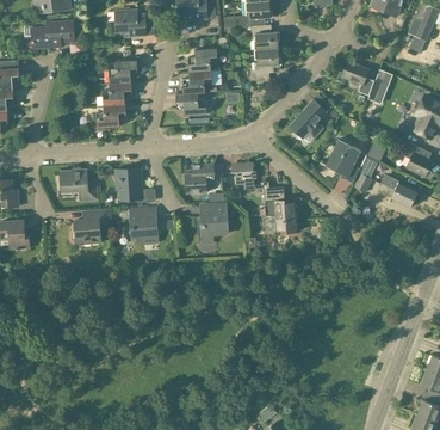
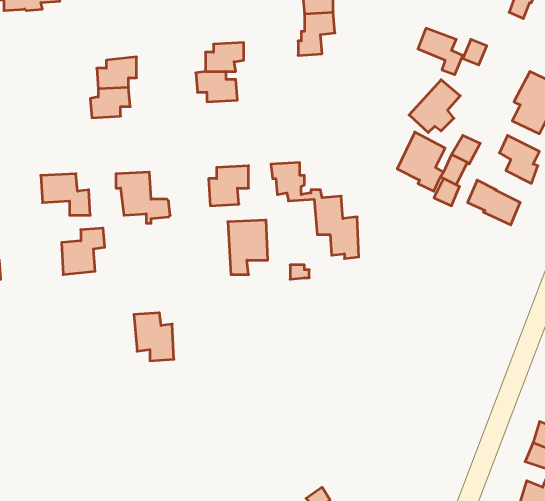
building: [187,48,217,73] -> none
building: [107,61,138,85] -> none
building: [289,99,327,139] -> [409,80,460,133]
building: [129,209,159,245] -> [134,313,174,361]

